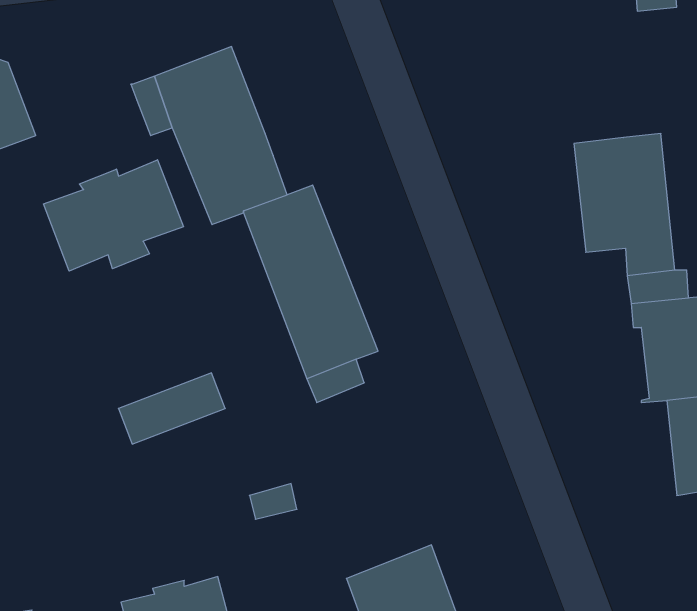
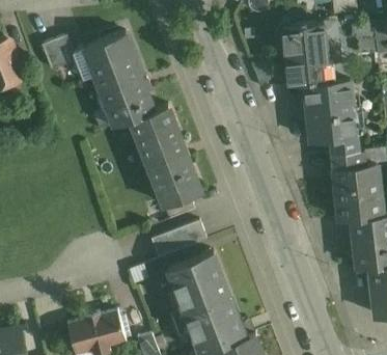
building: none -> [282,22,330,84]
building: none -> [42,35,75,70]
building: [43,160,183,271] -> none
building: [118,373,225,444] -> [150,221,206,258]
building: none -> [168,251,229,311]

